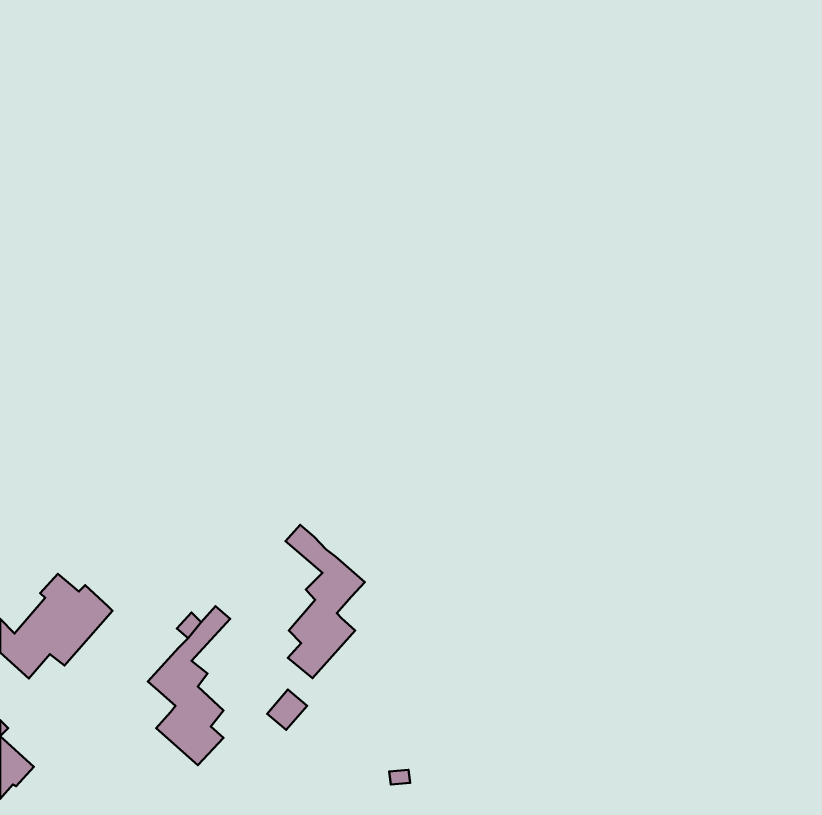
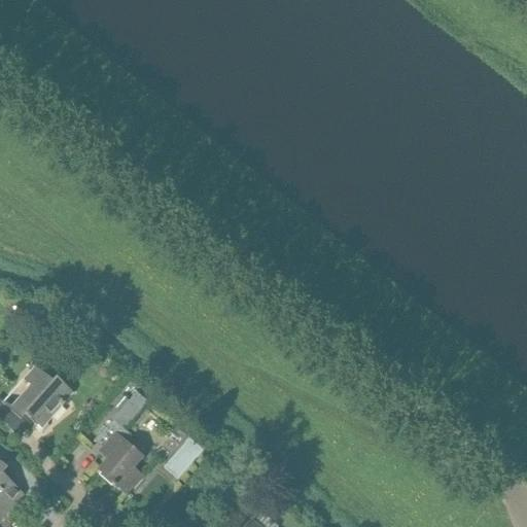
building: [285,525,365,678] -> none

